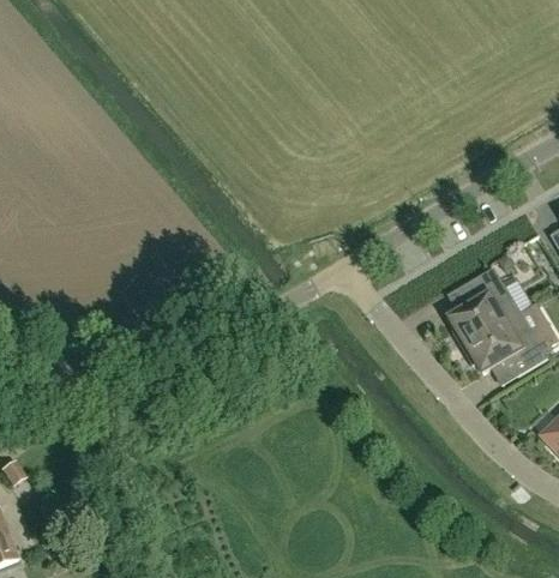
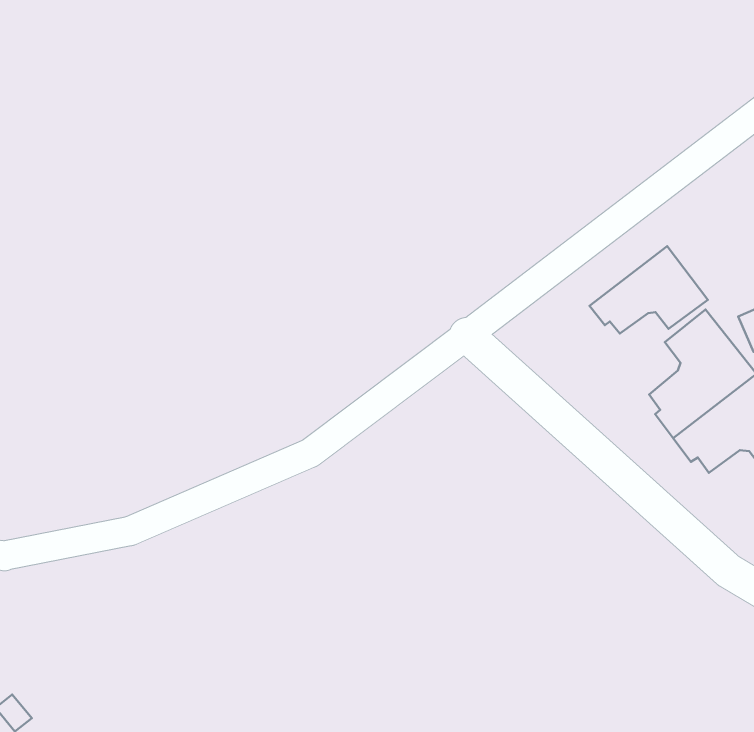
building: none -> [589,246,708,334]

